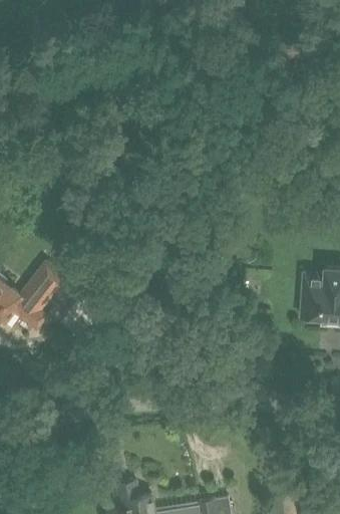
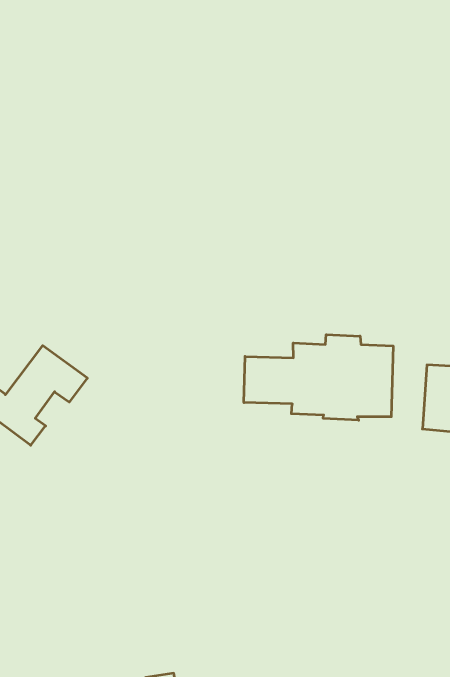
building: none -> [244,335,393,420]

